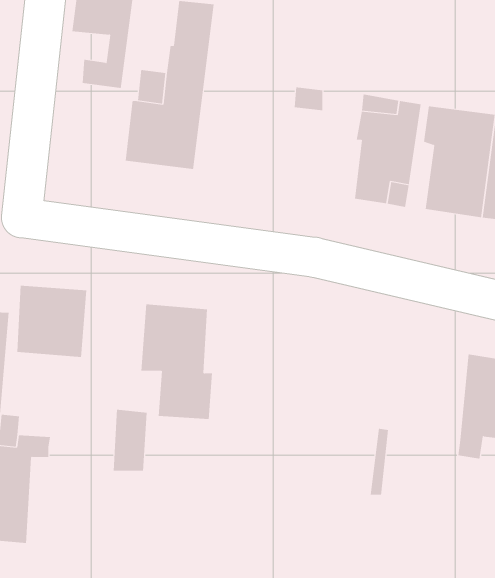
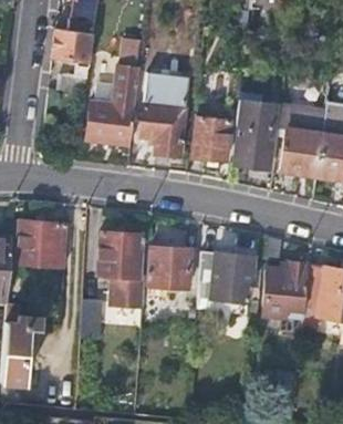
building: none -> [142,73,189,156]
building: none -> [194,116,231,163]
building: none -> [261,237,308,319]
building: none -> [148,247,190,289]
building: none -> [199,251,260,303]

